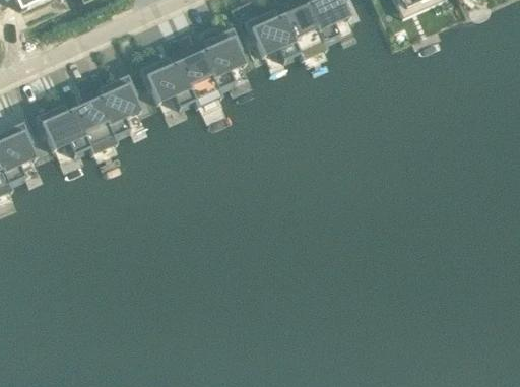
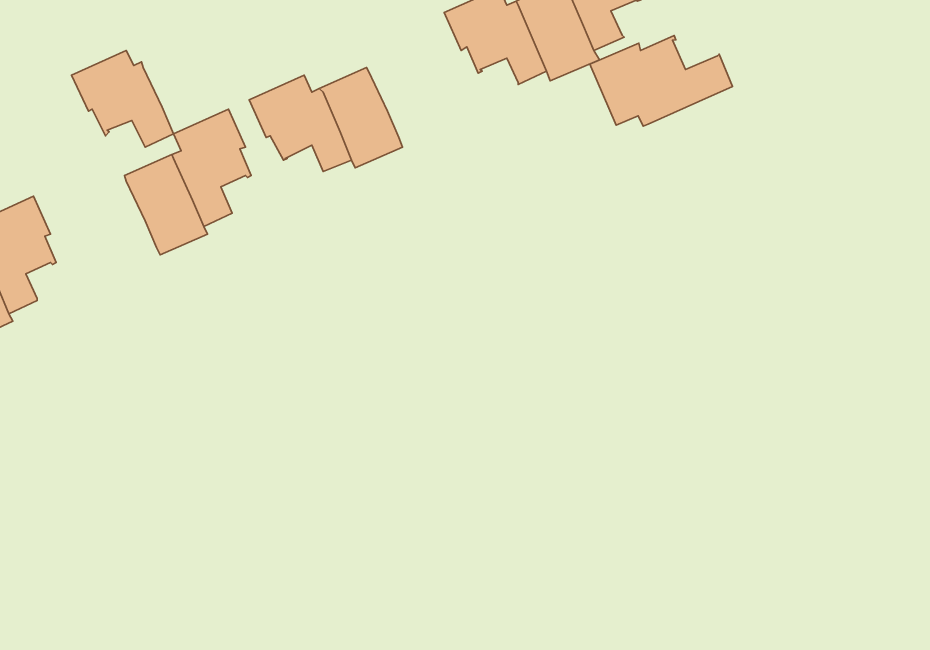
building: [201,27,244,89] -> none
building: none -> [590,36,732,126]
building: [34,104,88,155] -> [71,50,174,147]

